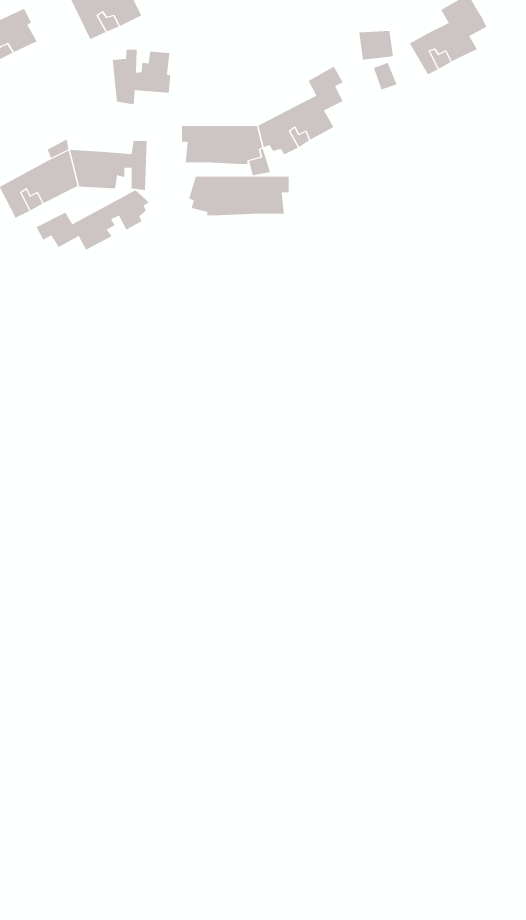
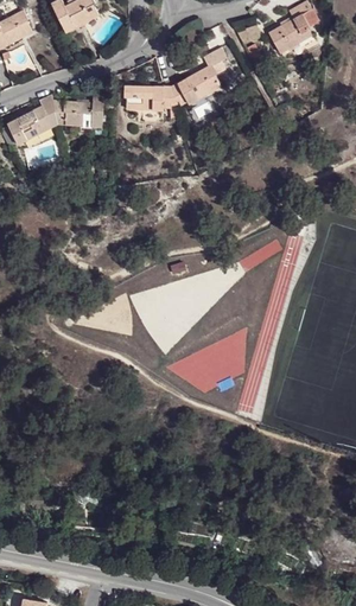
building: [112,49,171,105] -> none
building: [188,176,289,216] -> none
building: [36,189,150,251] -> none

